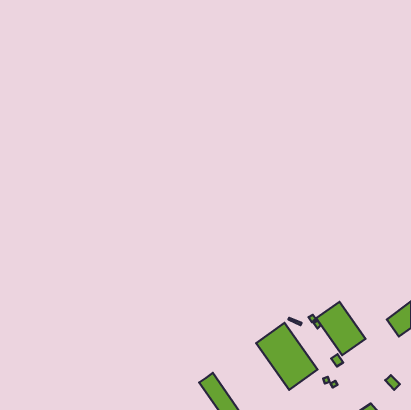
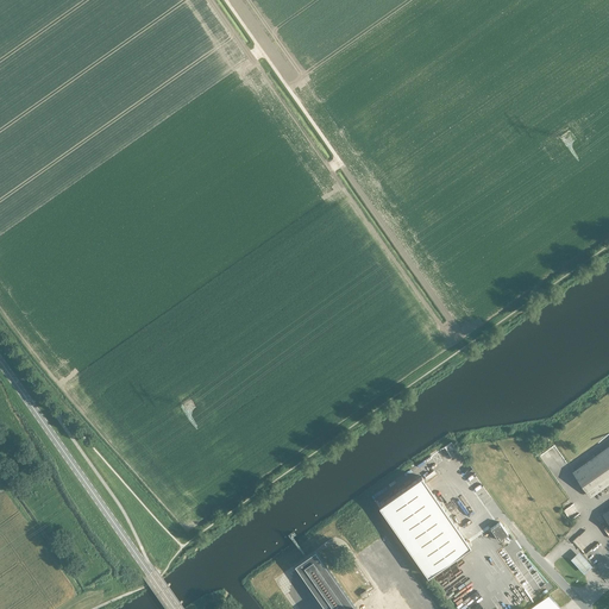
building: [316,302,365,355] -> none

